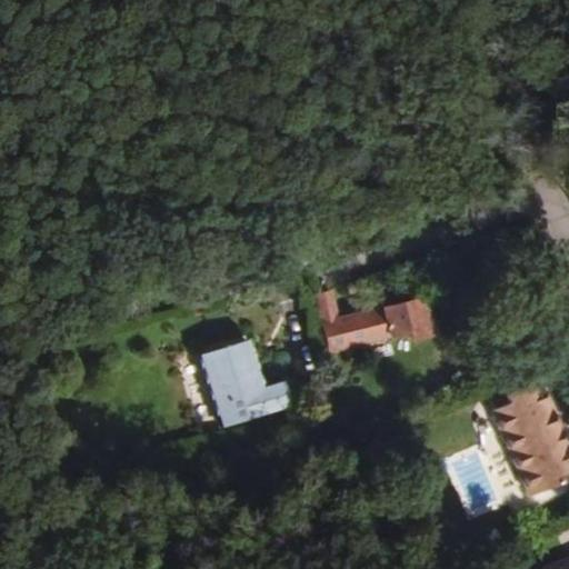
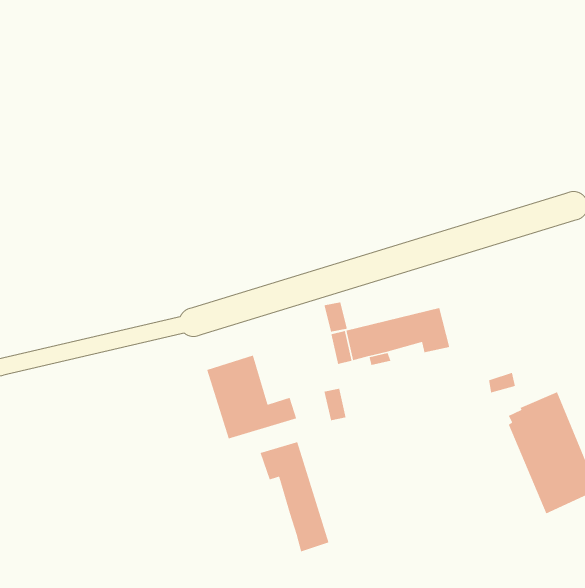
building: none -> [260,441,329,553]

